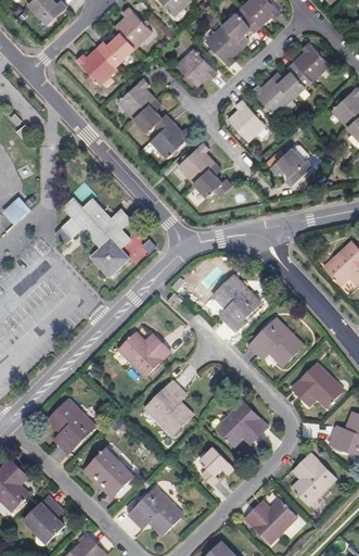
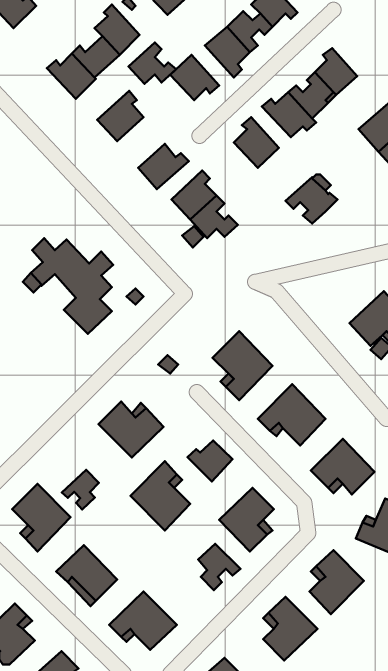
building: [133,99,172,132] -> [128,43,176,84]
building: none -> [188,440,232,481]
building: none -> [62,470,99,509]

